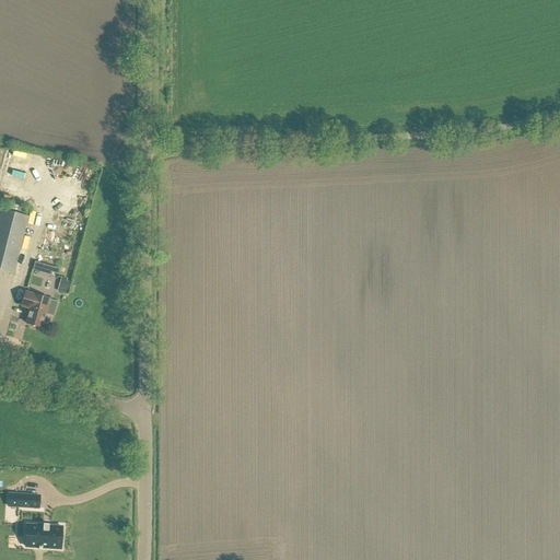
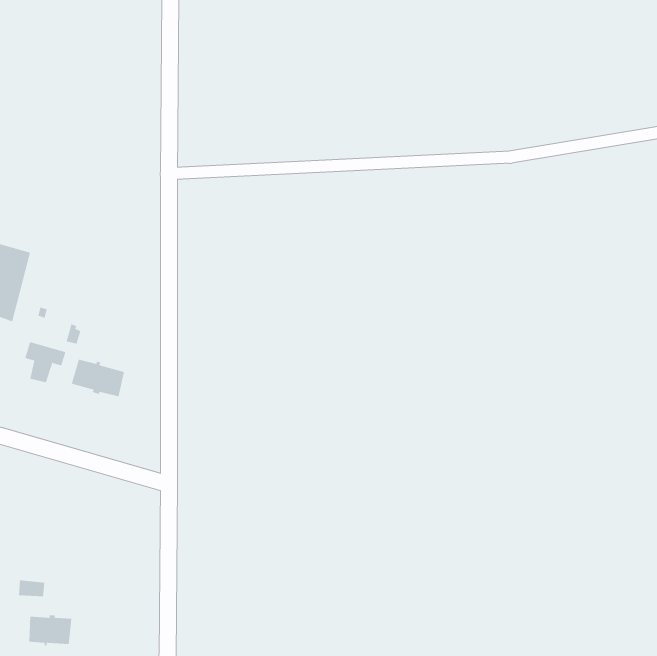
building: none -> [71,359,125,397]

